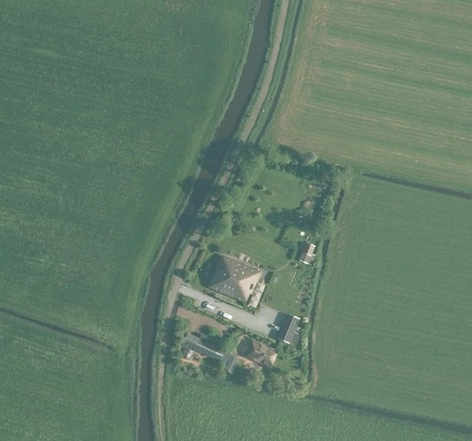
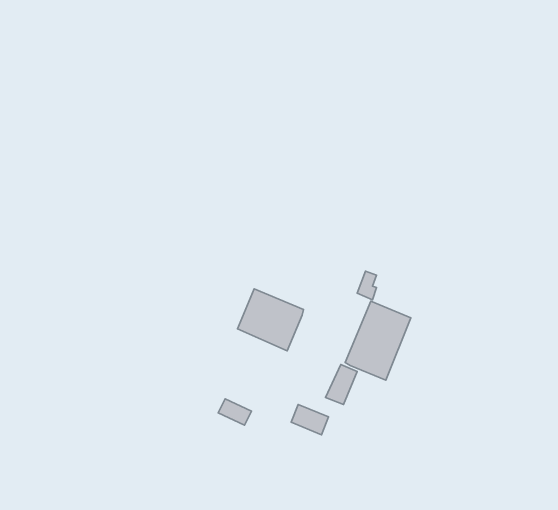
building: none -> [345,301,411,380]

